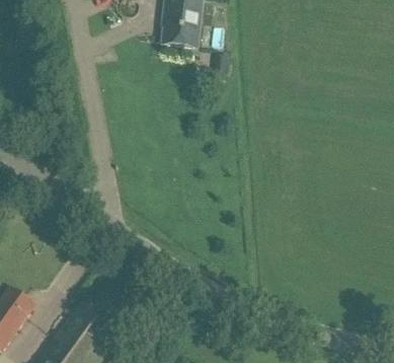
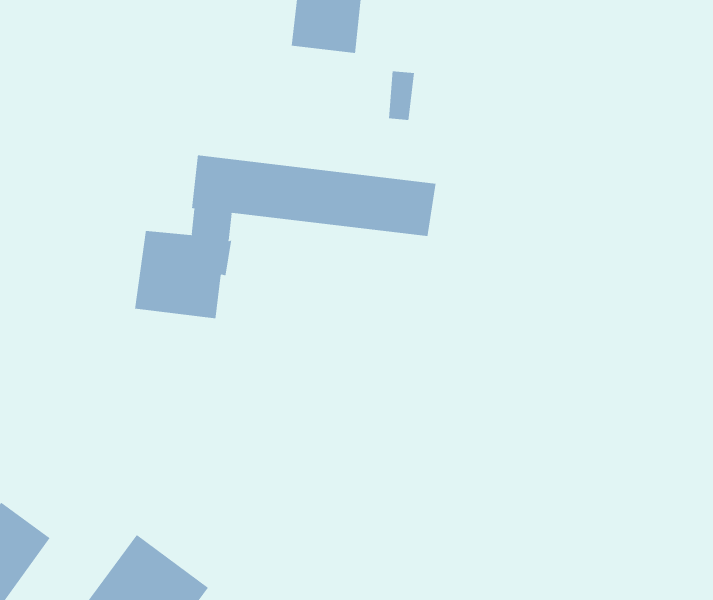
building: none -> [135,155,436,319]

